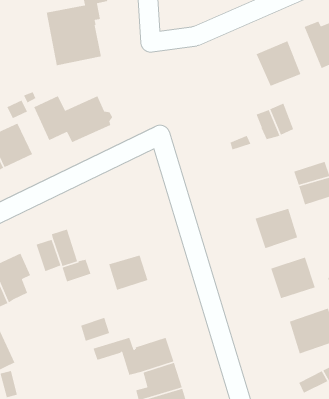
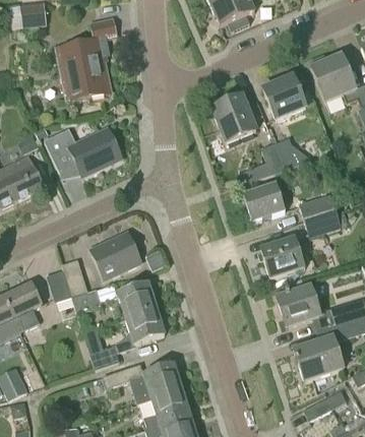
building: none -> [211,96,256,142]
building: none -> [242,183,285,222]
building: none -> [89,232,141,278]
building: none -> [125,309,165,345]

